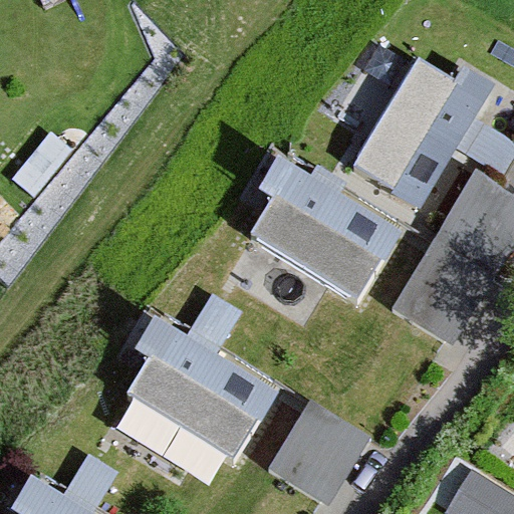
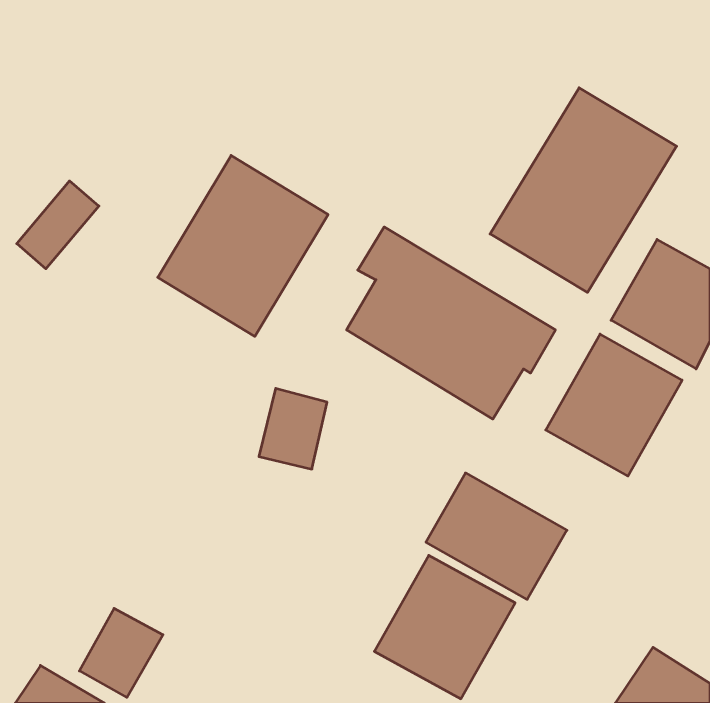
building: none -> [158,155,328,336]
building: [125,321,277,460] -> none
building: none -> [426,473,567,599]

